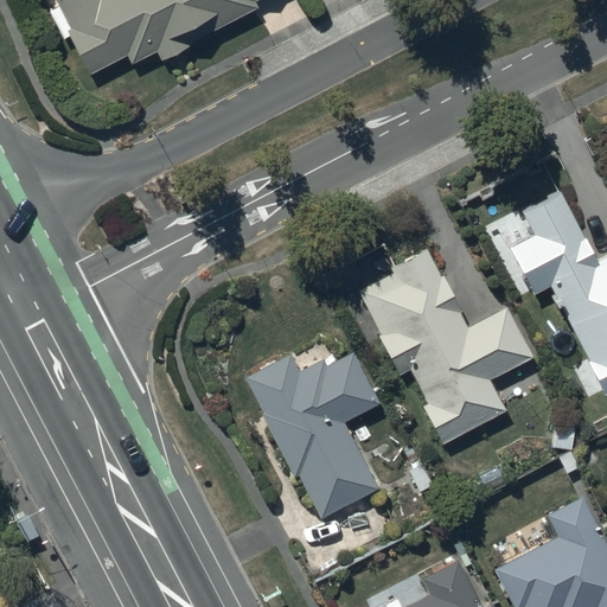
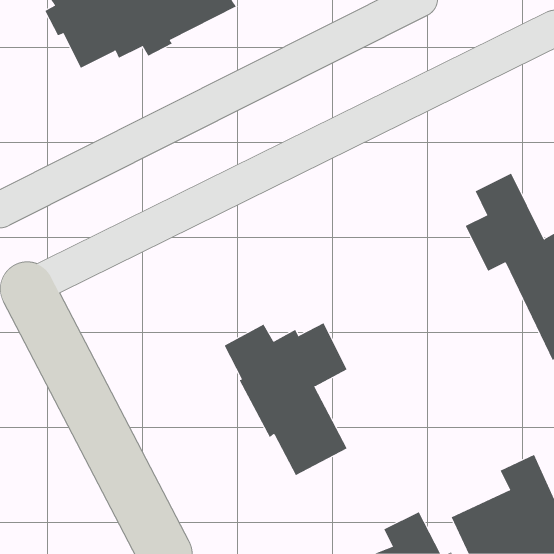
building: [362,249,535,446] -> none

